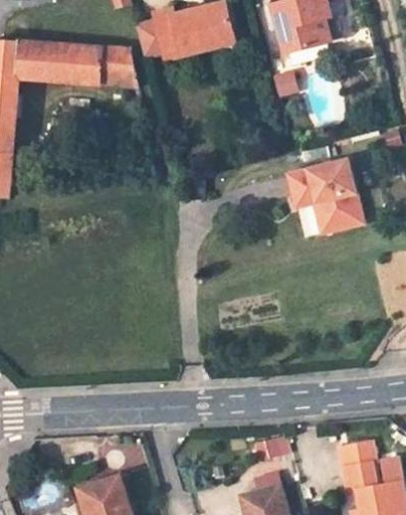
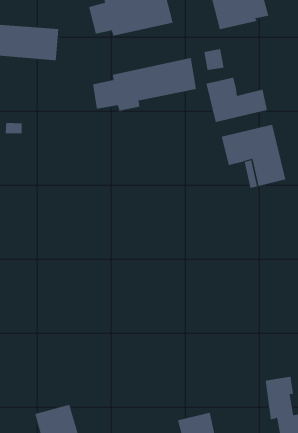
building: [100,48,136,87] -> none
building: none -> [92,57,197,111]
building: none -> [206,77,268,123]

